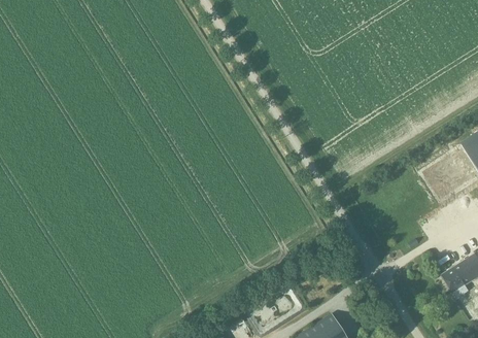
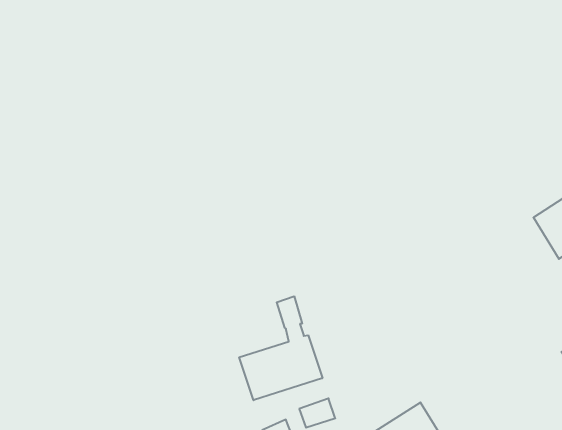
building: none -> [239,296,322,400]

